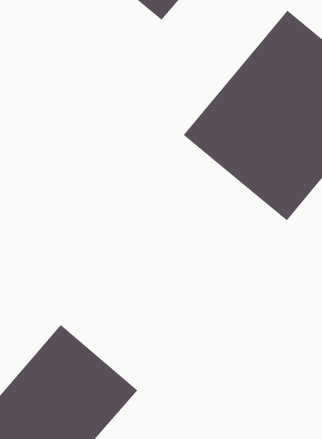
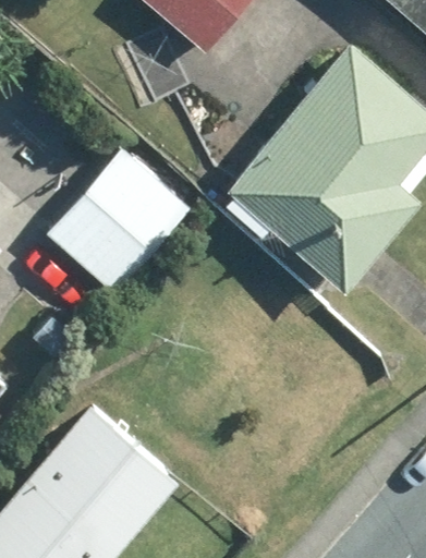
building: none -> [49,150,191,293]

